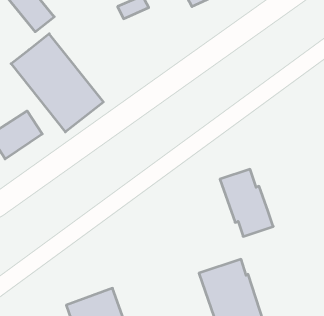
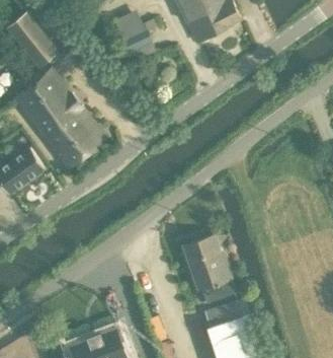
building: [220,169,273,236] -> [183,235,237,303]

